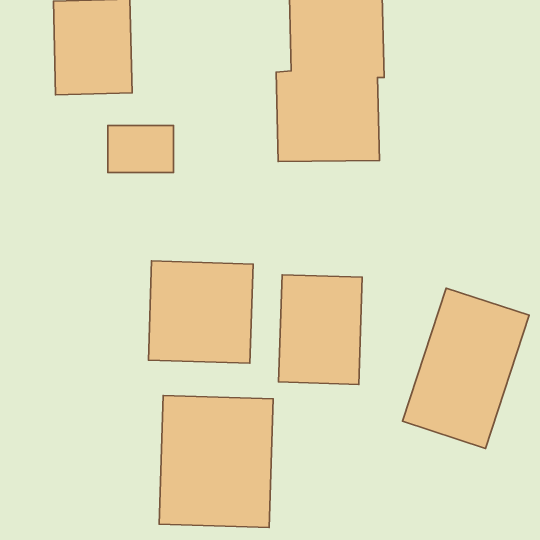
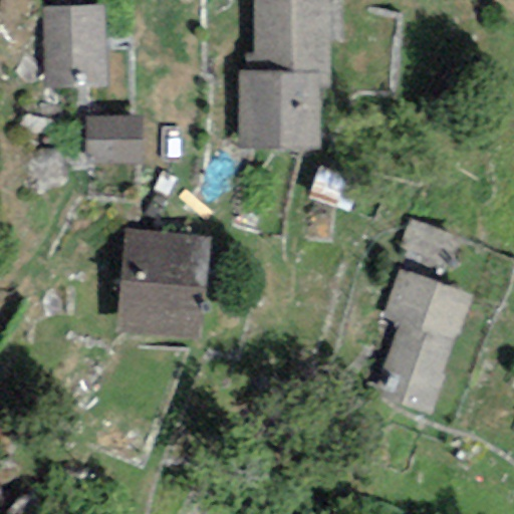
building: [279,275,362,384] -> none
building: [159,395,273,528] -> none

